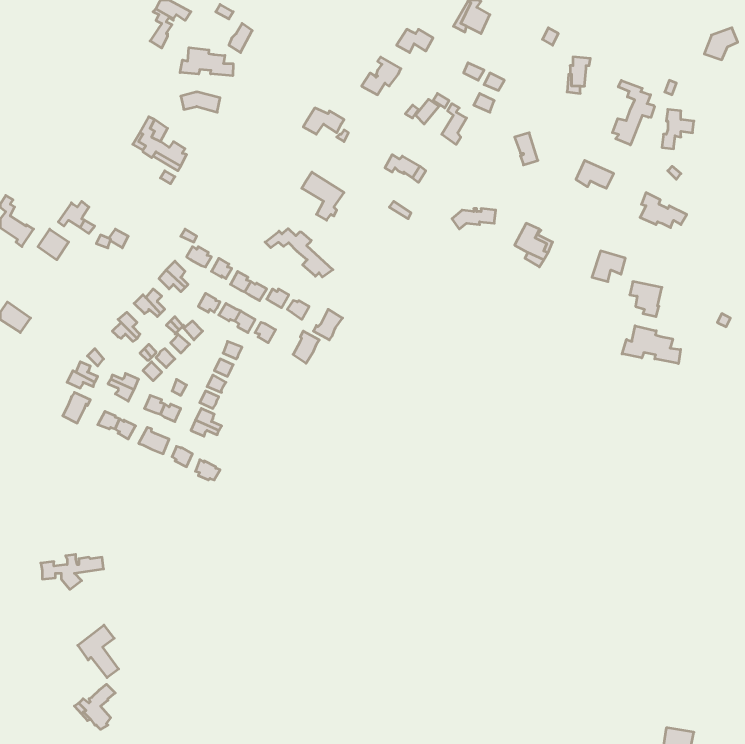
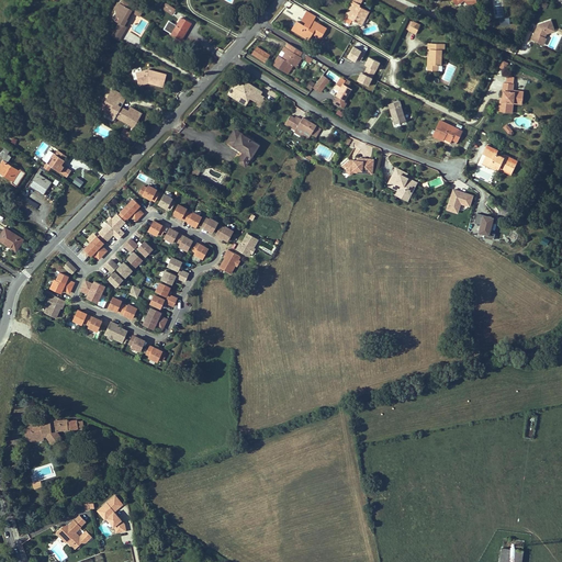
building: [180,48,233,76] -> none
building: [612,80,655,145] -> none
building: [265,229,333,277] -> none
building: [622,326,681,364] -> none
building: [78,625,119,678] -> [97,495,127,535]

